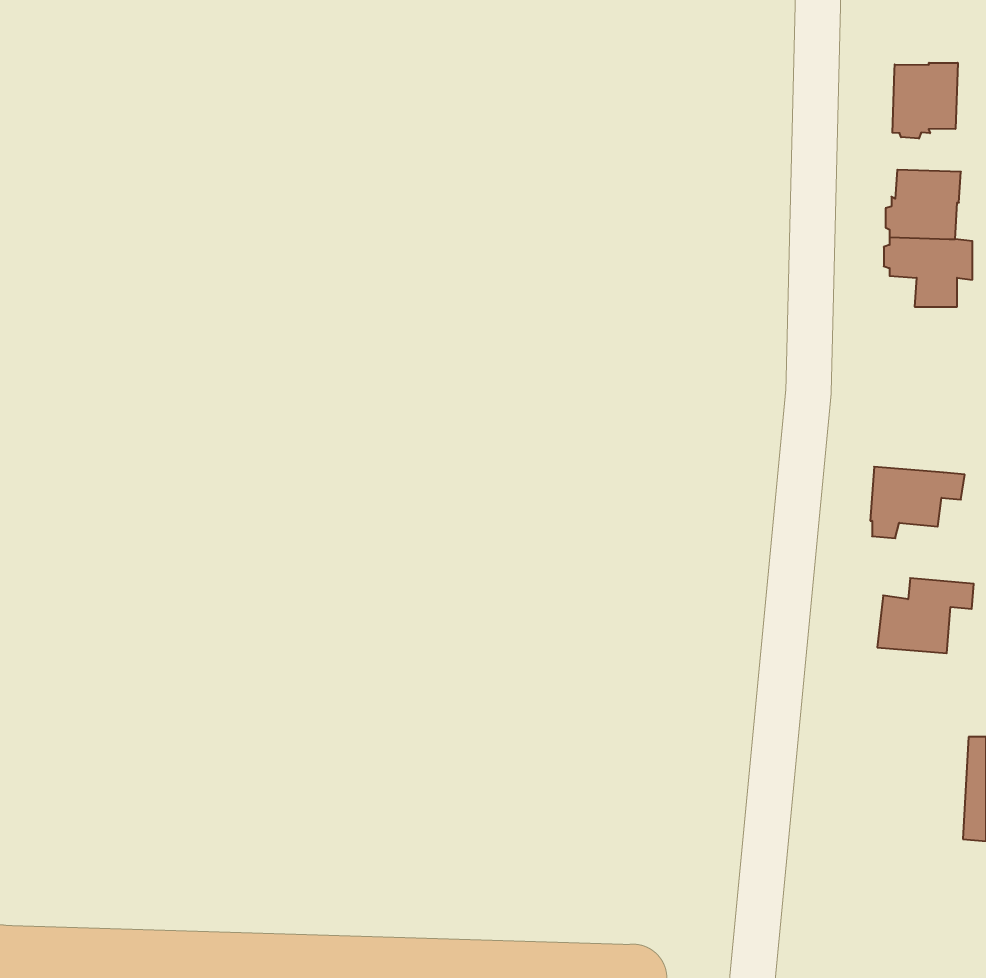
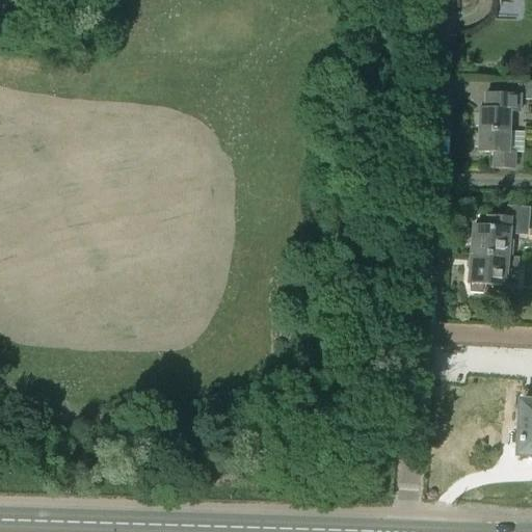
building: [892,63,958,139] -> none
building: [877,578,974,653] -> [471,214,523,255]

